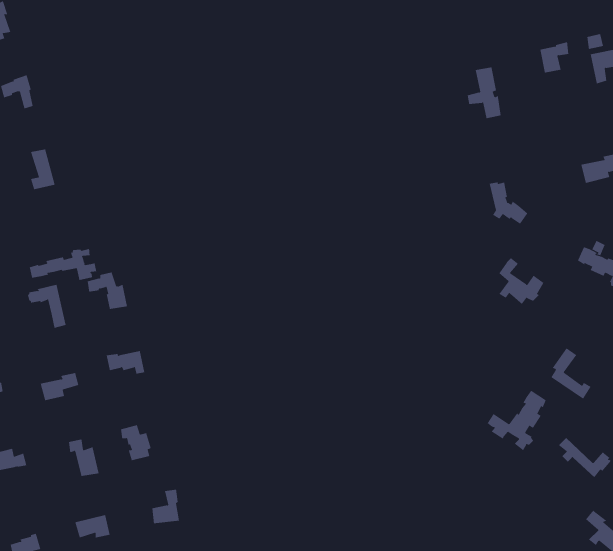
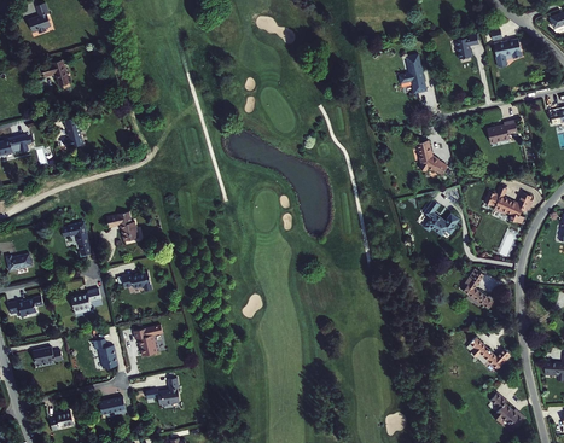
building: [29,248,97,281] -> none
building: [487,390,547,451] -> none

